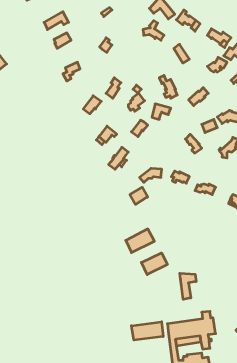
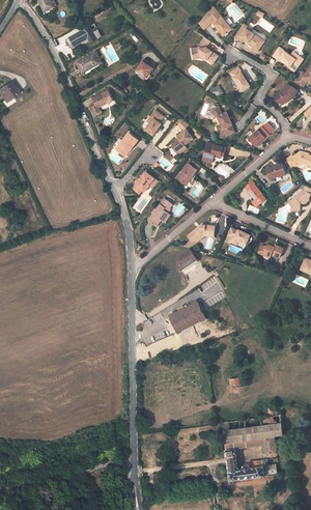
building: [141,253,167,275] -> none
building: [180,273,196,299] -> none
building: [131,322,163,340] -> none

